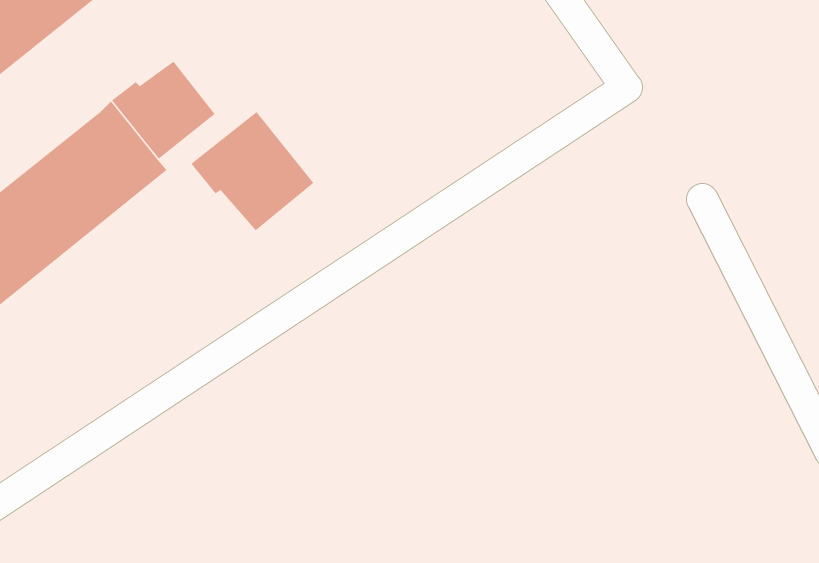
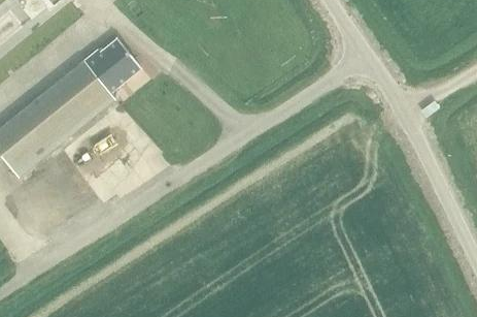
building: [190,111,314,231] -> none

